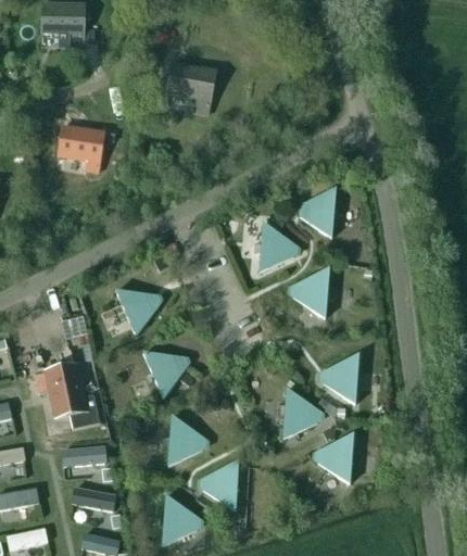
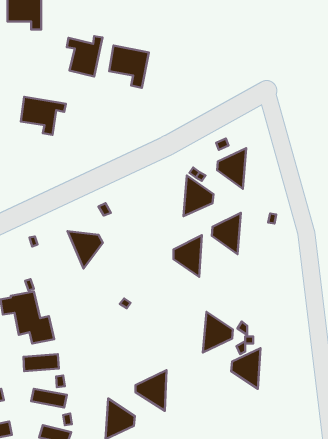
building: none -> [67,36,102,76]
building: [143,354,187,400] -> none
building: [324,355,358,406] -> [174,235,202,277]
building: [168,417,204,468] -> none

